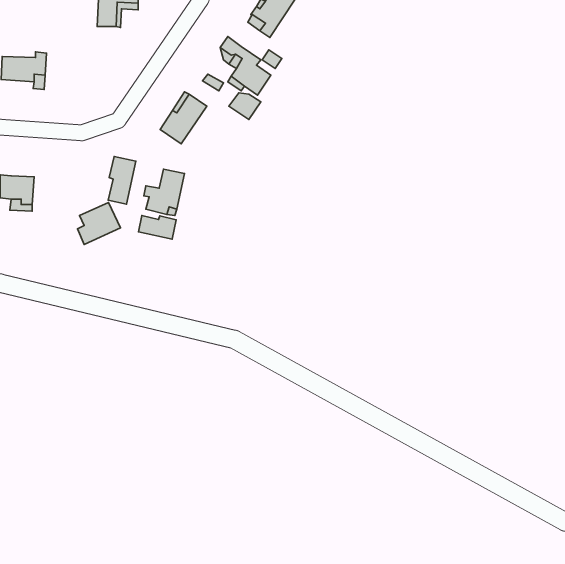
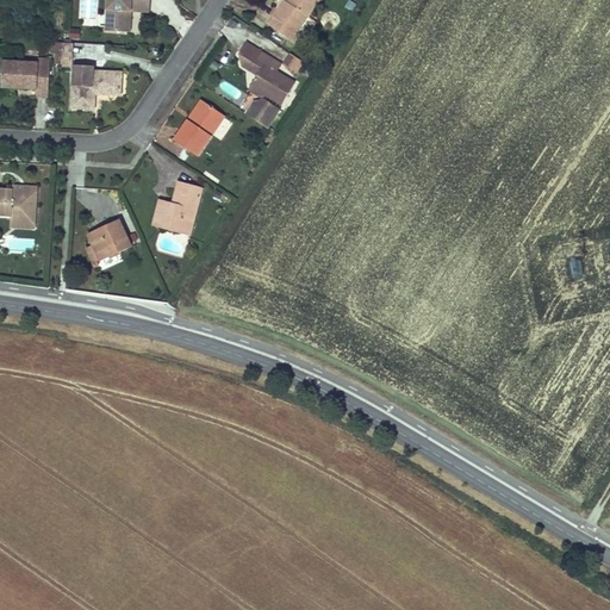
building: none -> [70,63,120,107]
building: [108,156,136,204] -> none
building: [138,216,176,239] -> none

